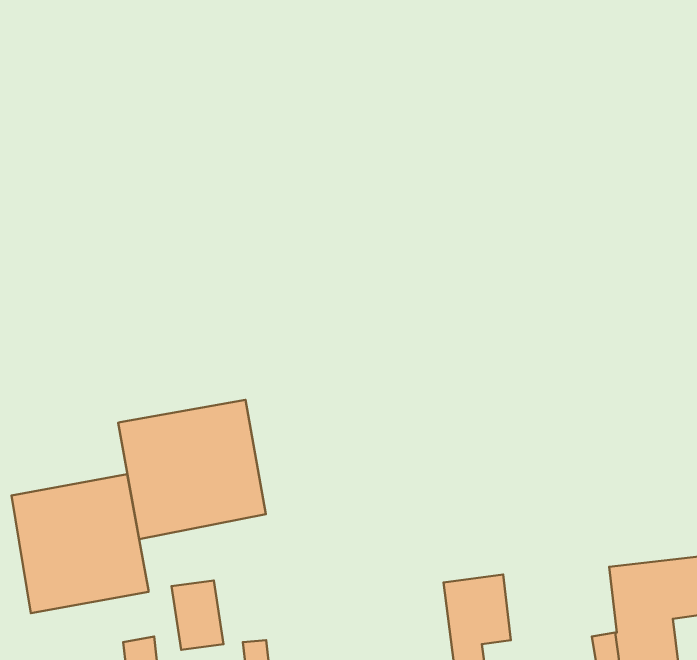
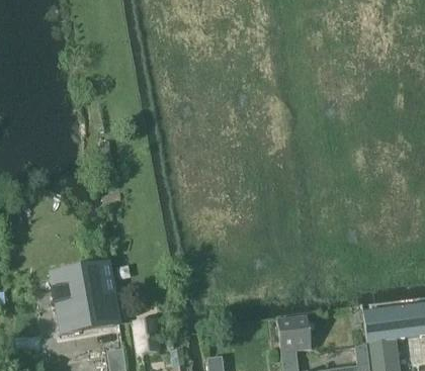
building: [118,400,266,539] -> none

